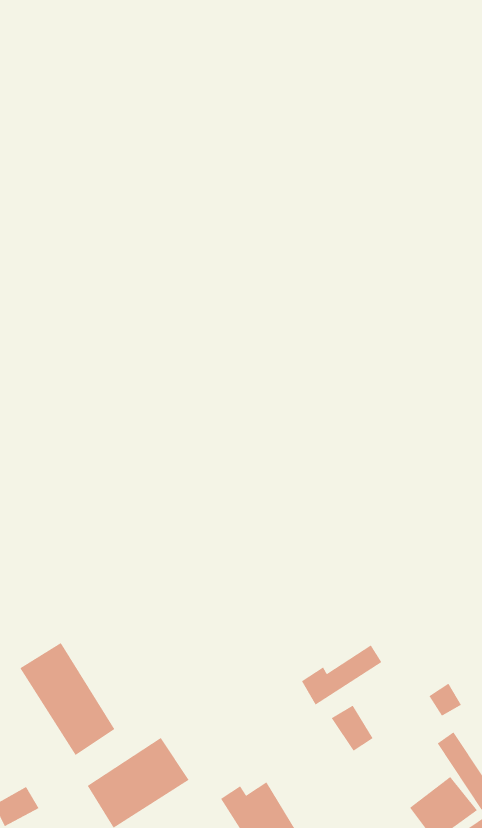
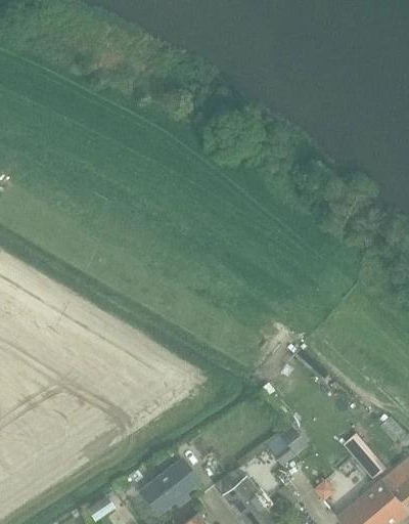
building: [19,642,115,756] -> none
building: [301,644,382,706] -> none

